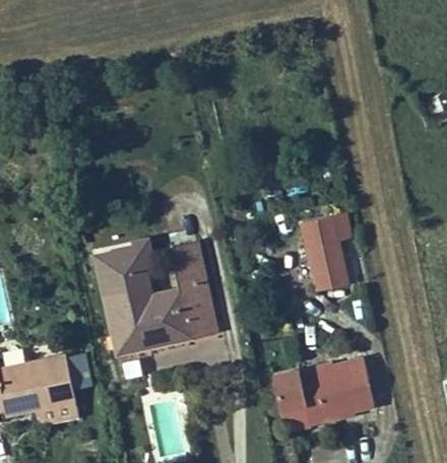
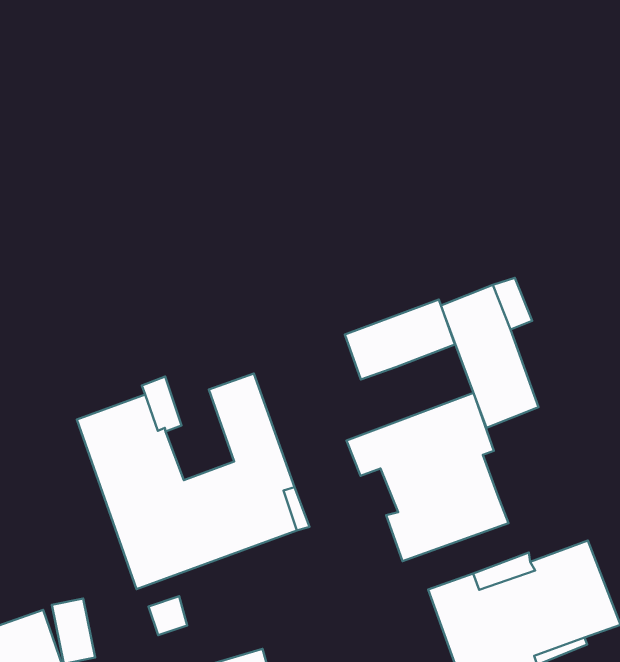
building: none -> [345,299,455,380]
building: none -> [347,393,508,561]

